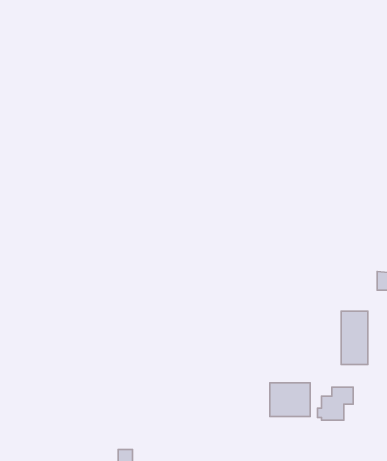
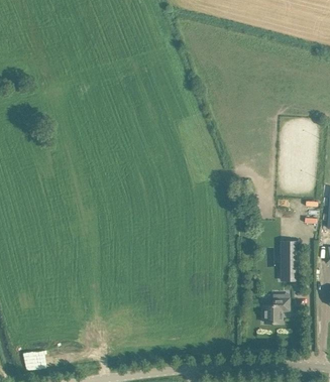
building: [270,383,310,416] -> none

